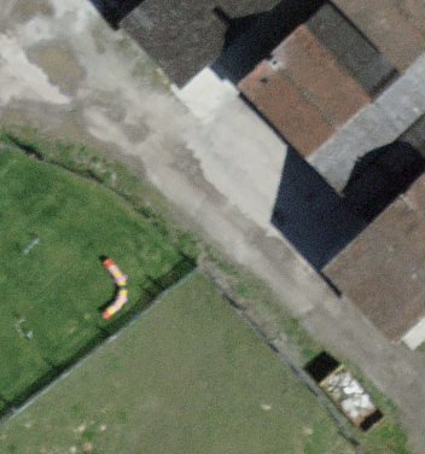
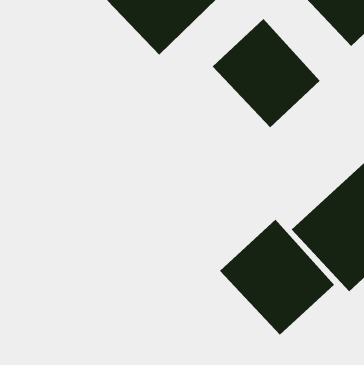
building: none -> [219,219,335,335]

